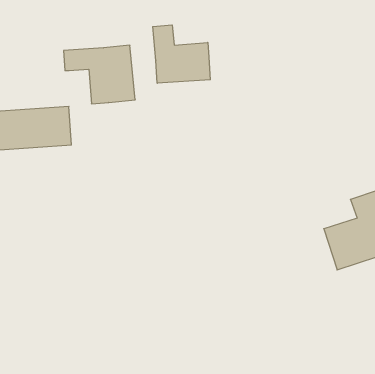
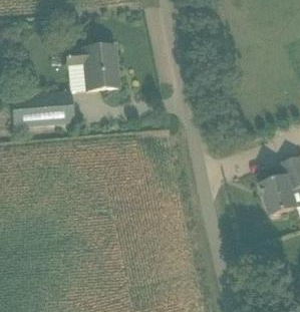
building: [153,25,210,83] -> none

